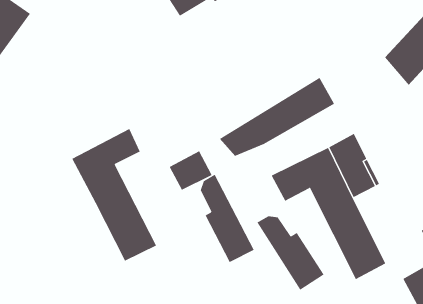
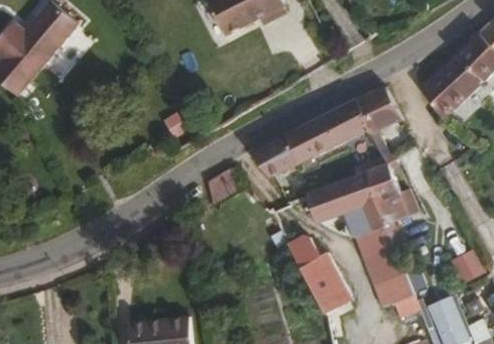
building: none -> [358,88,403,135]
building: [72,128,157,261] -> none
building: [200,174,255,263] -> none

